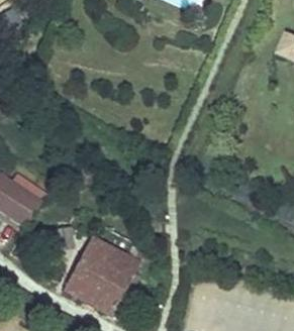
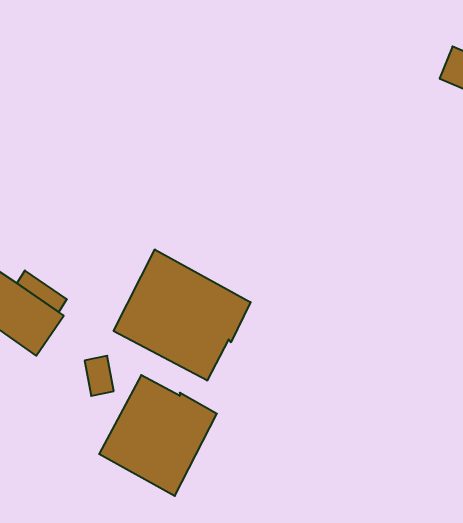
building: none -> [114,249,251,381]

